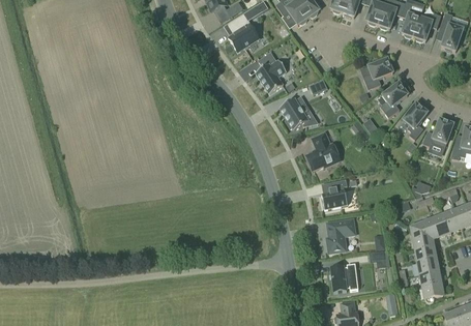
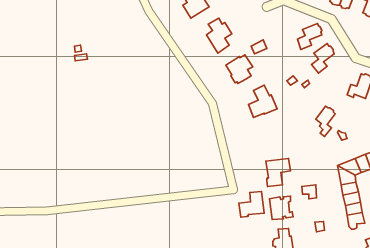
building: [405,102,428,139] -> [316,106,335,137]
building: [322,178,348,209] -> none
building: none -> [239,192,264,217]

